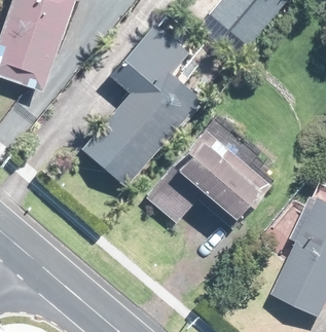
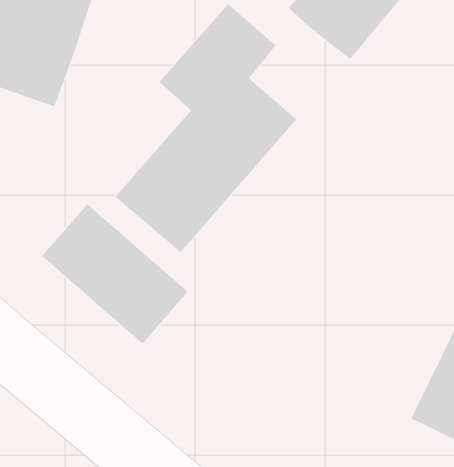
building: [145,121,263,226] -> none
building: none -> [41,203,189,344]

